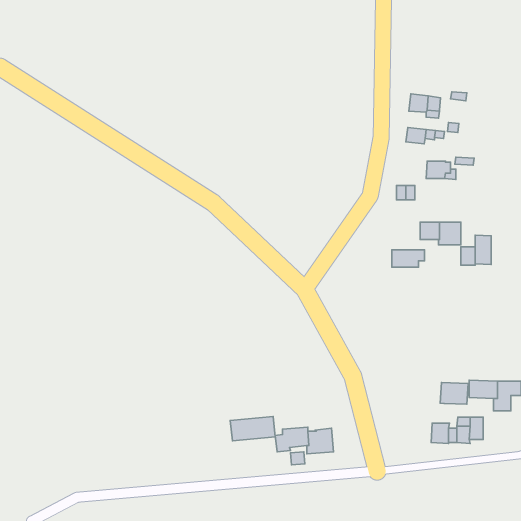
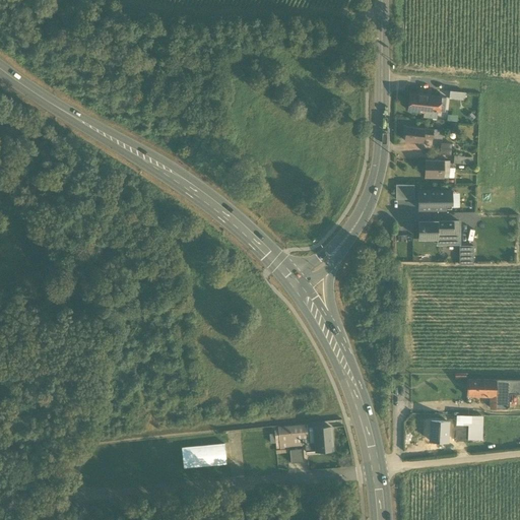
building: [475,235,491,264] -> none
building: [392,250,424,267] -> [418,192,451,209]
building: [440,383,468,404] -> none
building: [230,416,275,441] -> [182,444,226,468]

